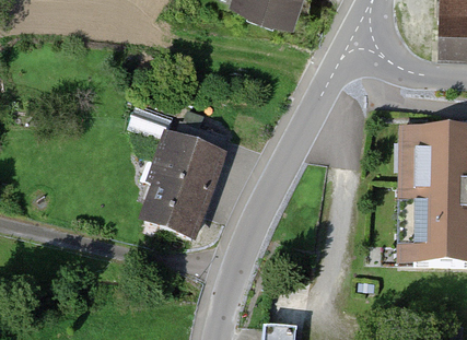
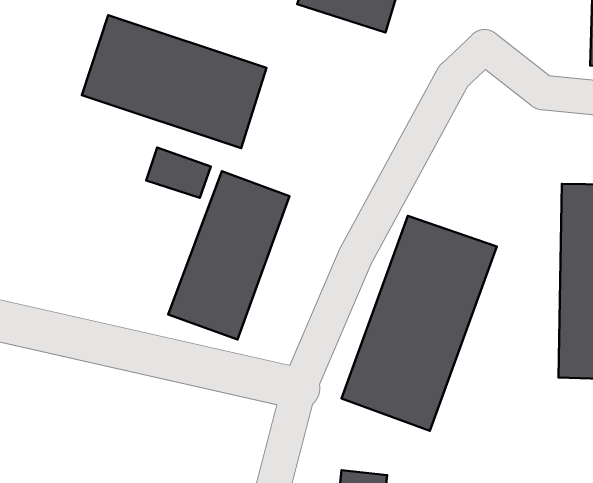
building: none -> [82,15,267,148]
building: none -> [341,216,497,431]

